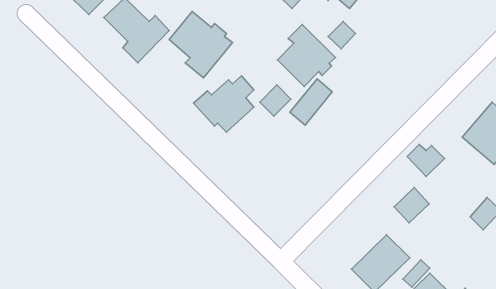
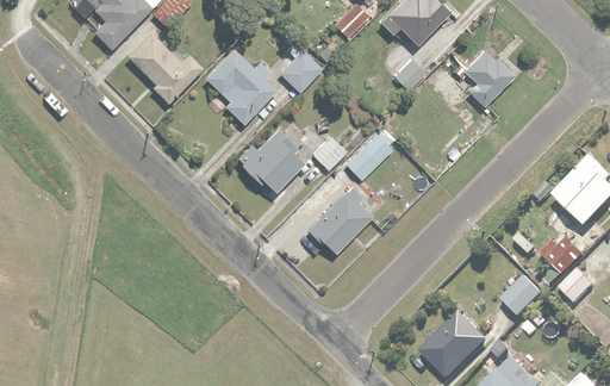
building: none -> [276,44,319,92]
building: none -> [462,48,517,105]
building: [278,24,335,87] -> none
building: none -> [305,189,372,254]
building: [407,144,444,177] -> [541,238,585,276]
building: [394,188,429,223] -> [502,276,543,318]

